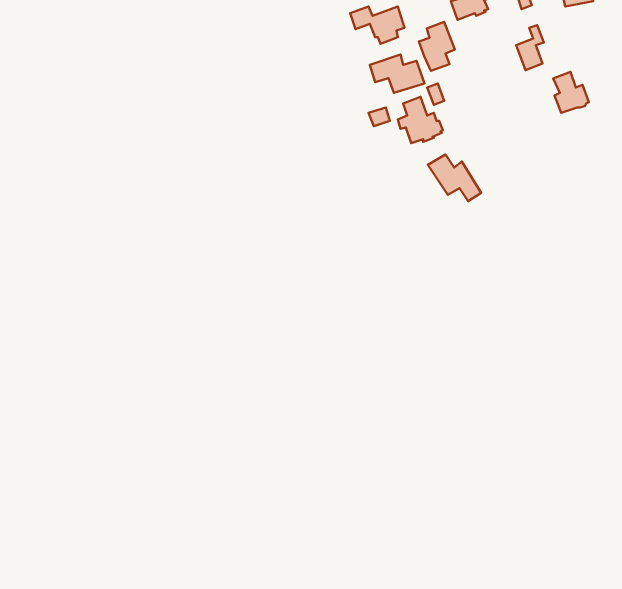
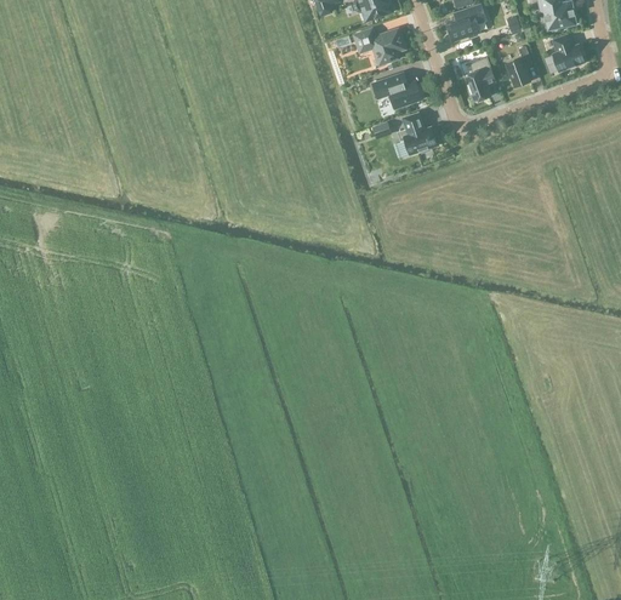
building: [419,22,455,71] -> [463,57,496,102]
building: [553,72,589,113] -> [552,33,585,70]
building: [428,154,481,201] -> none

